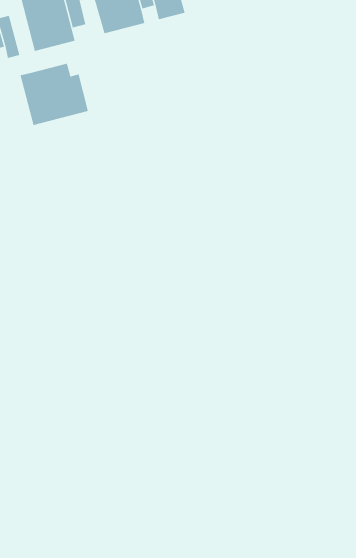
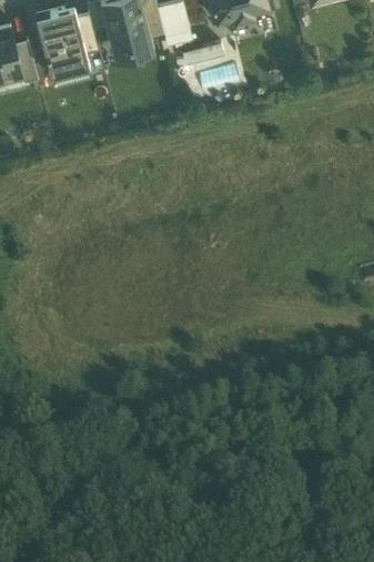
building: [20,63,89,126] -> none

